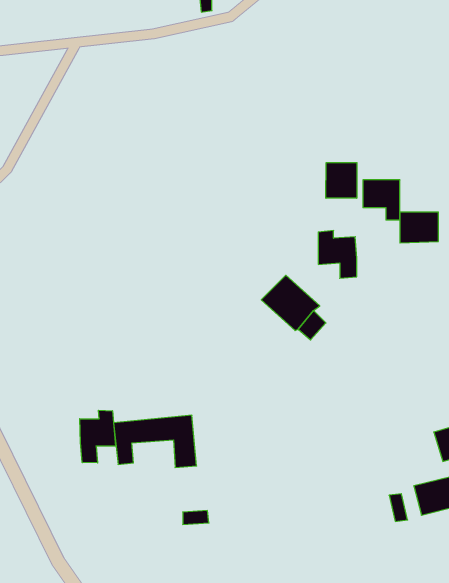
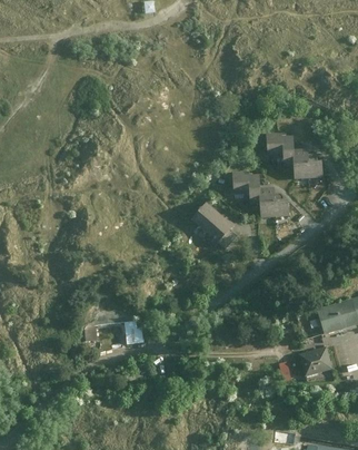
building: [326,163,357,198] -> none
building: none -> [260,187,285,215]
building: [80,410,116,463] -> none

